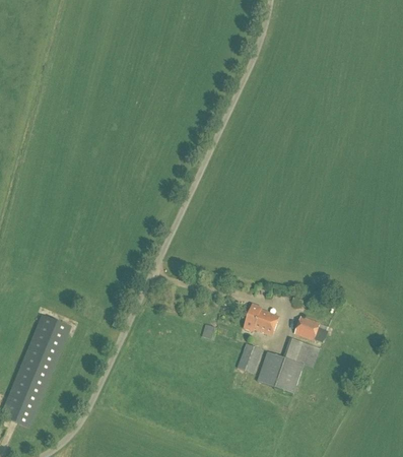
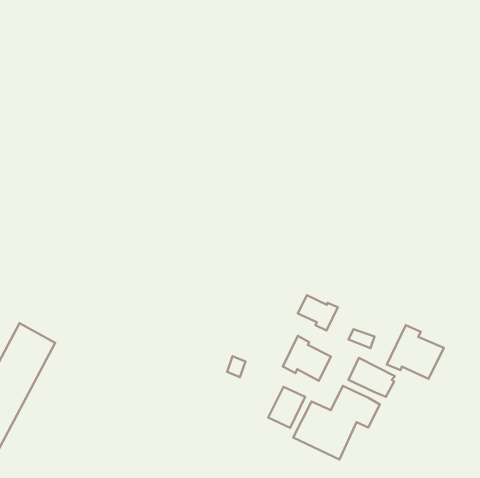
building: none -> [298,295,338,330]
building: none -> [387,325,444,379]

